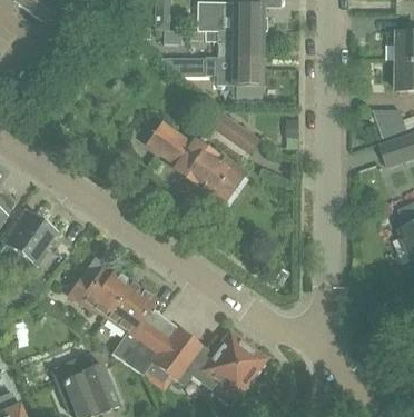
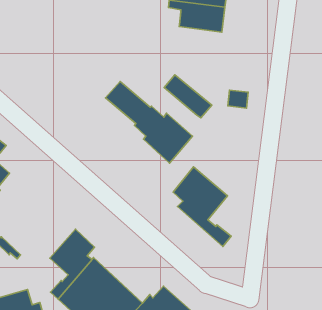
building: [175,56,260,85] -> none
building: none -> [173,167,231,246]
building: [68,270,129,315] -> none

